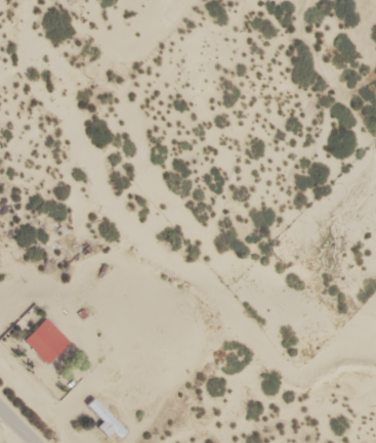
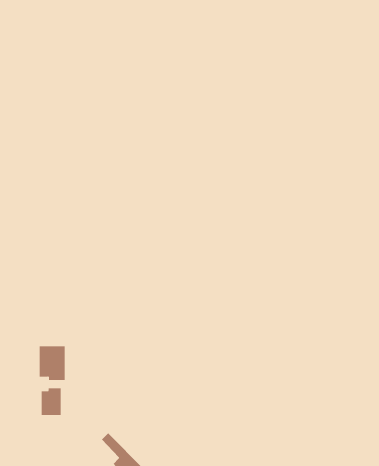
building: none -> [41,388,61,416]

